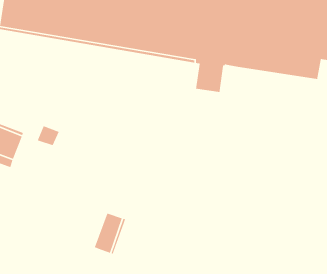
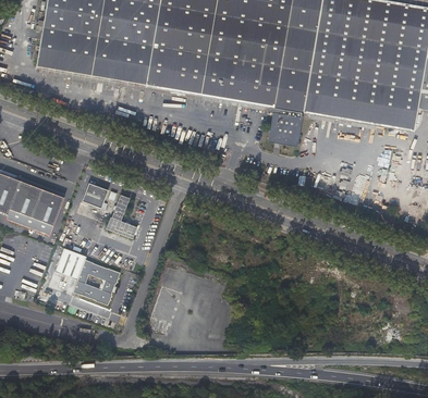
building: none -> [107,196,138,240]
building: none -> [50,250,121,307]

